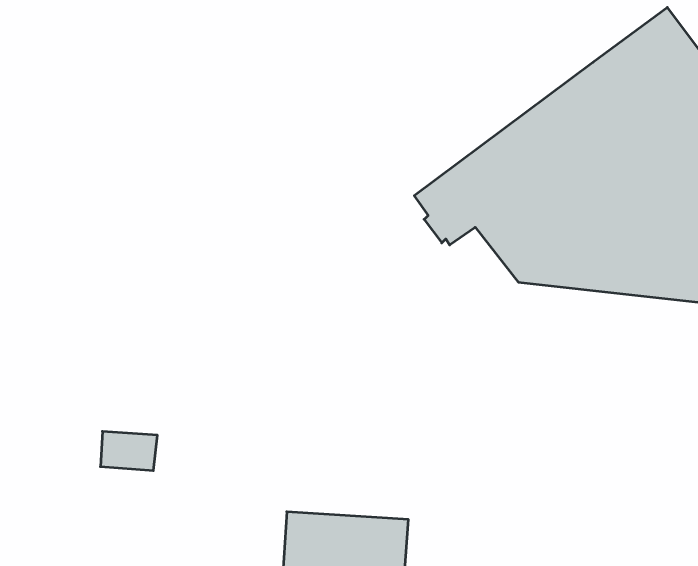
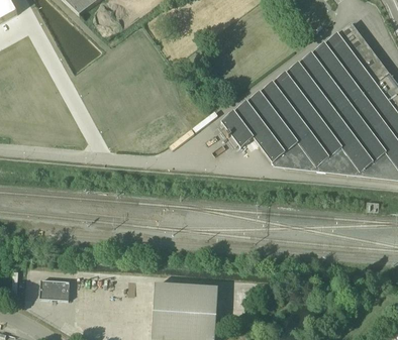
building: [100,431,157,471] -> [40,279,70,300]

